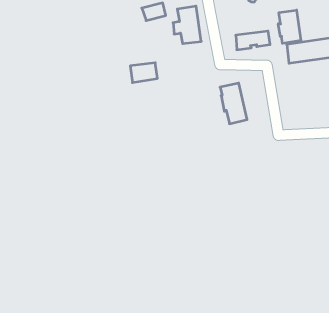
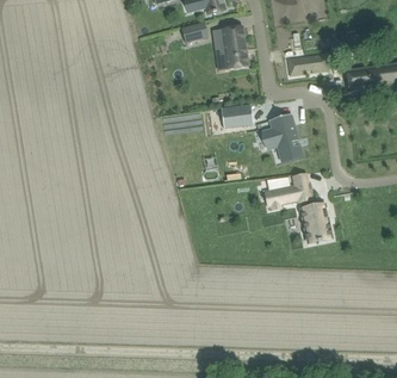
building: [278,10,301,43] -> none
building: [130,63,157,83] -> [221,105,252,128]
building: none -> [277,181,331,242]

